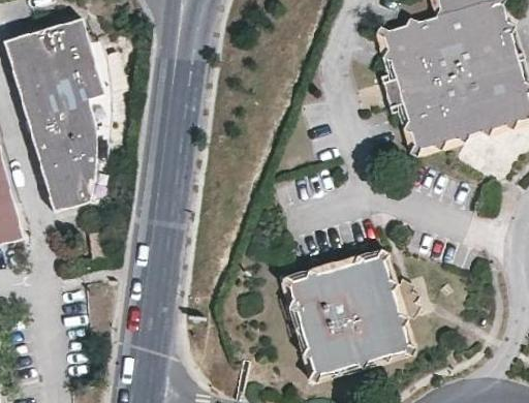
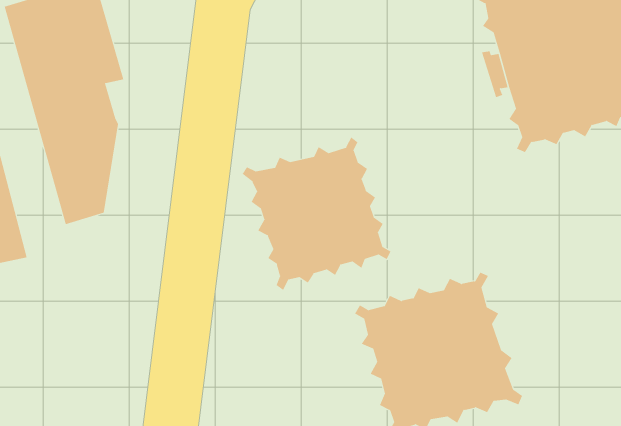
building: none -> [242,137,391,291]

